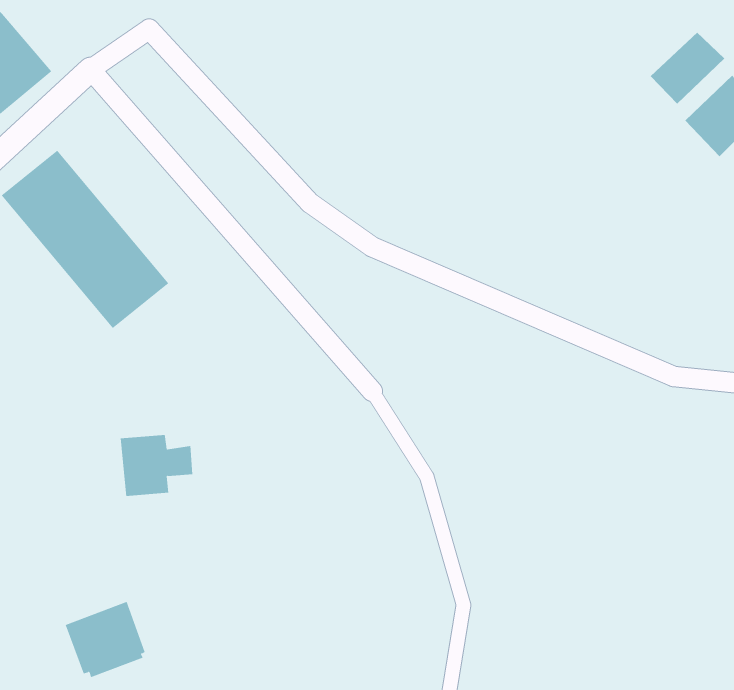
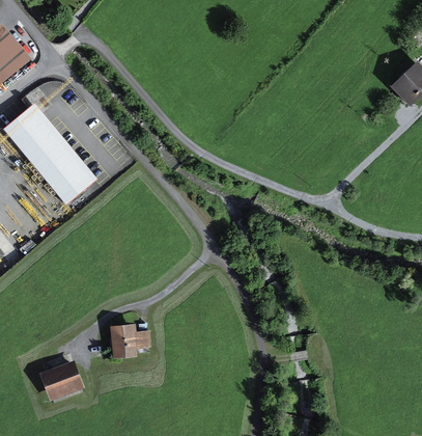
building: [650,32,725,105] -> none
building: [120,434,193,497] -> [109,324,150,359]

